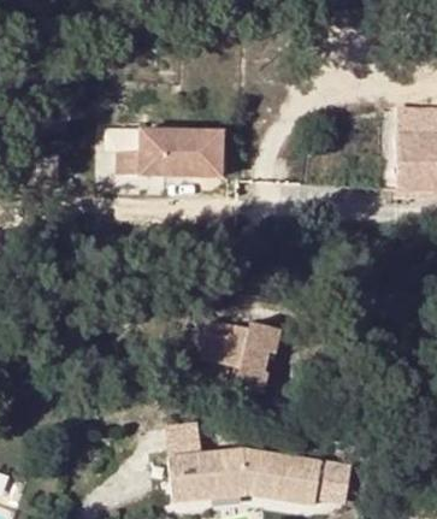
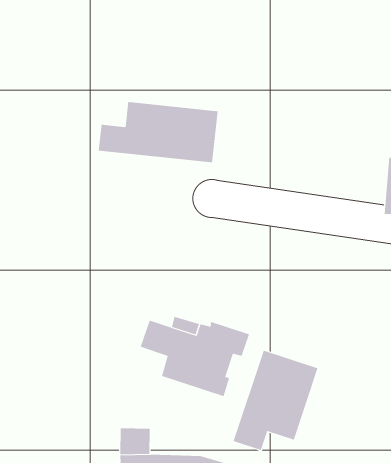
building: none -> [233,350,318,451]

